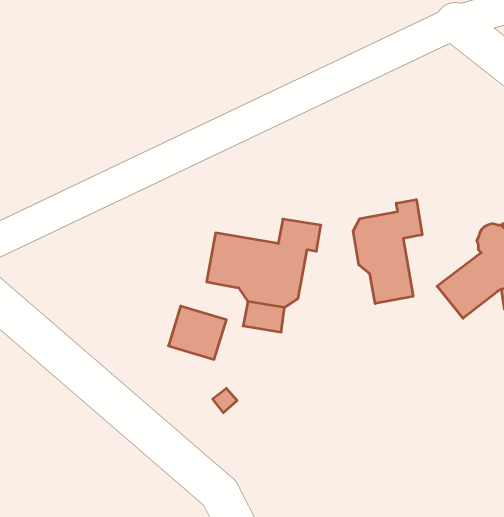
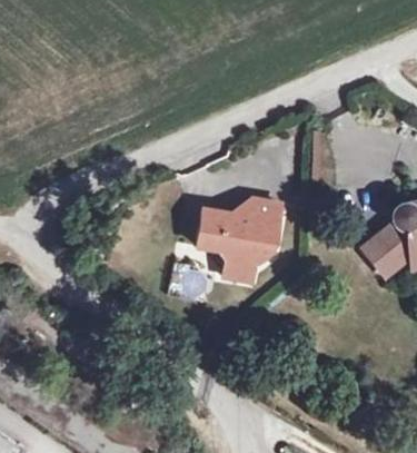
building: [353,200,422,304] -> none

